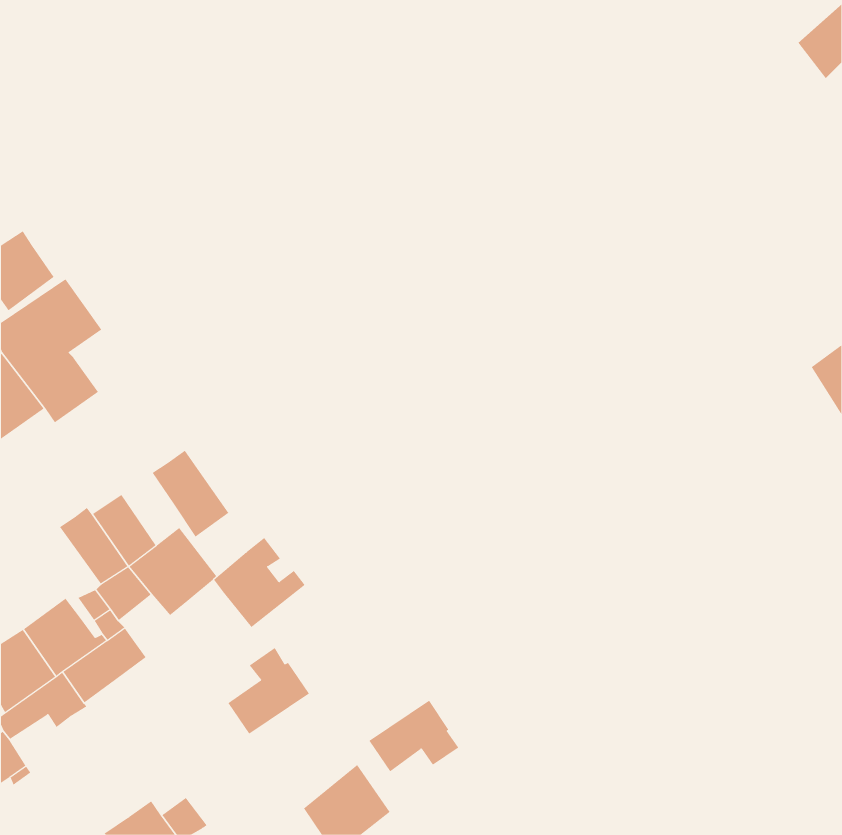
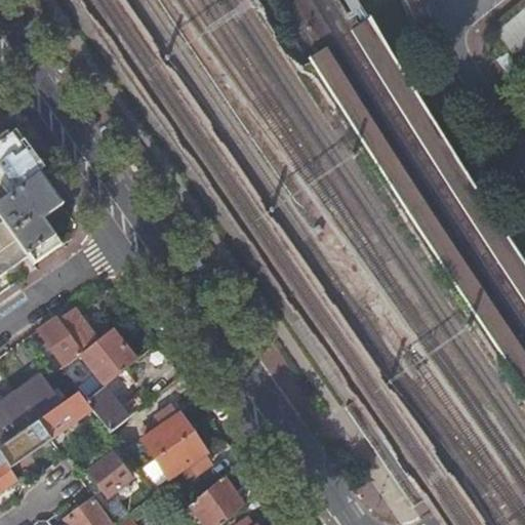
building: [152,450,229,537] -> none
building: [213,537,306,628] -> [85,374,143,431]
building: [368,700,459,772] -> [155,432,211,477]
building: none -> [87,451,131,494]

